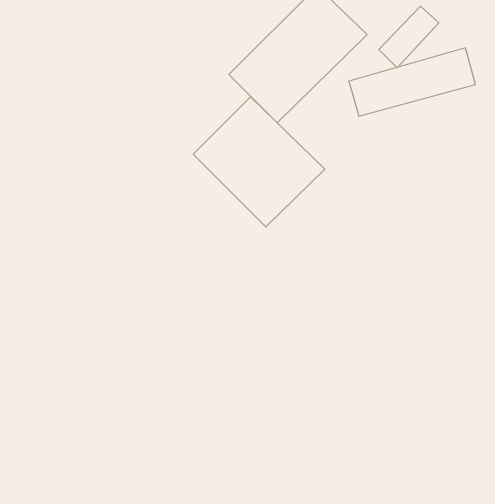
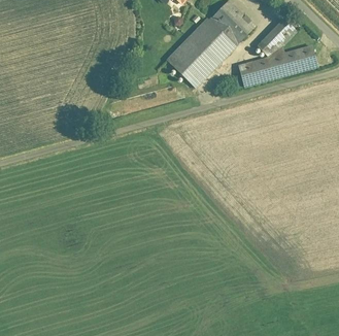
building: [193,97,325,227] -> none

